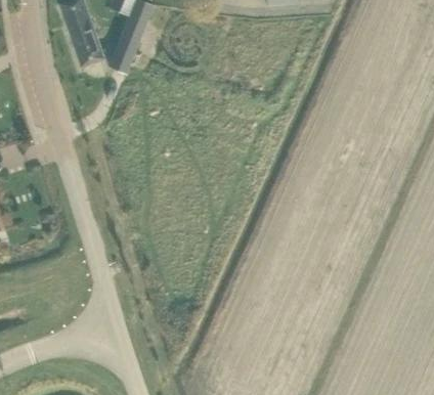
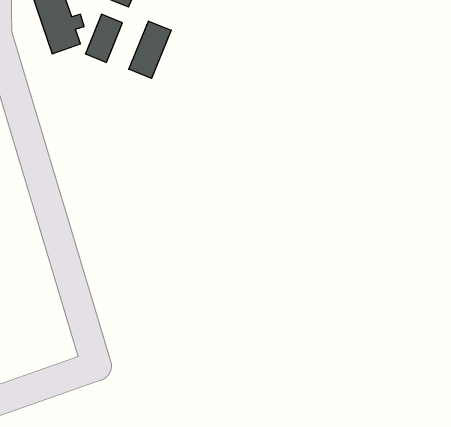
building: none -> [129,21,171,78]

